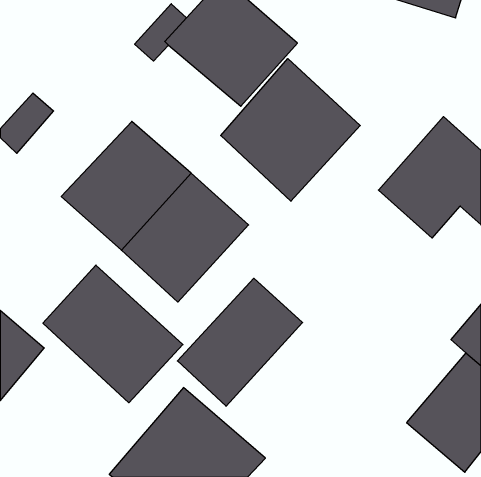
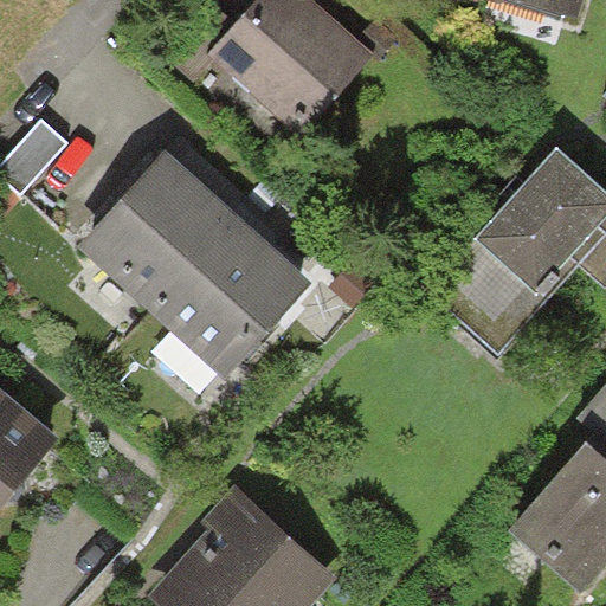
building: [221,59,360,201] -> none
building: [43,265,183,403] -> none
building: [177,278,303,406] -> none

